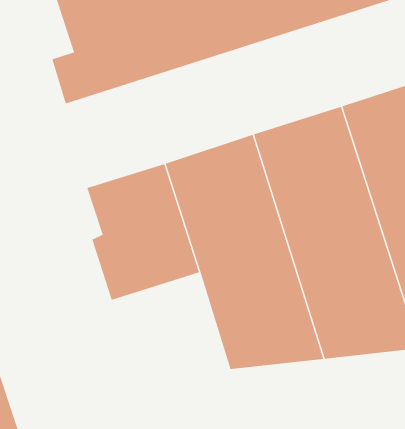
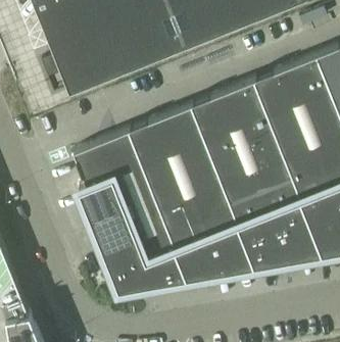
building: none -> [96,211,185,291]

